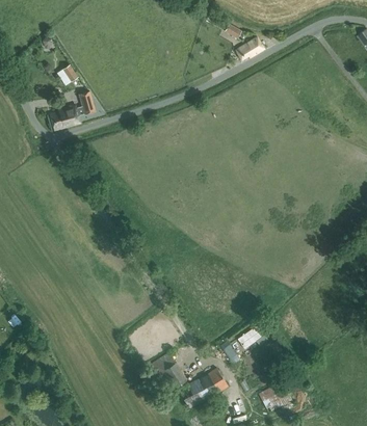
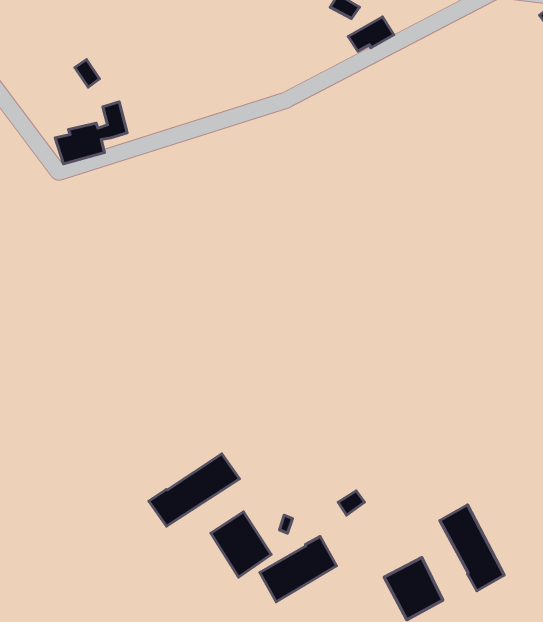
building: none -> [149,454,239,526]
building: none -> [440,505,504,591]

